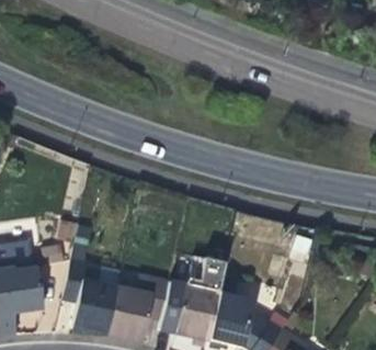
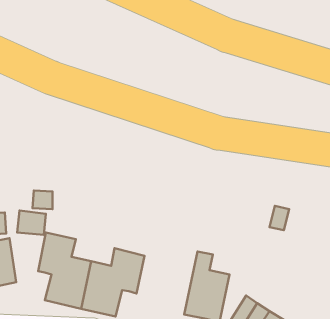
building: [162,273,223,339] -> none

